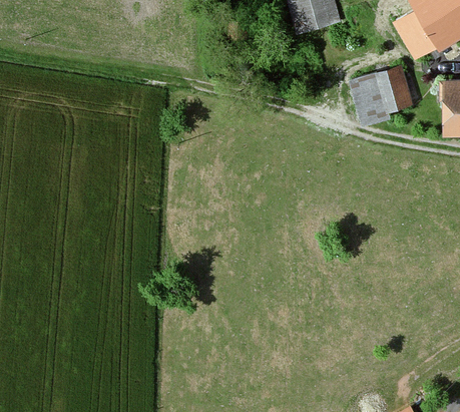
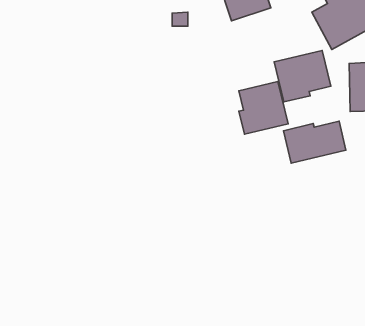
building: none -> [239,82,288,134]
building: none -> [283,121,346,163]

